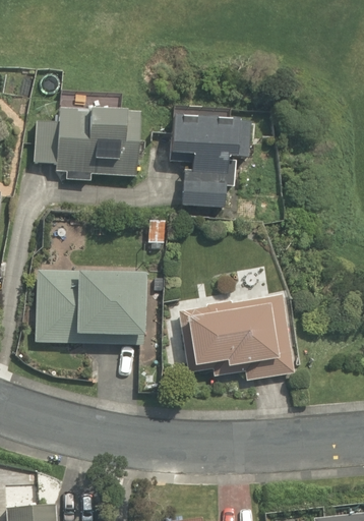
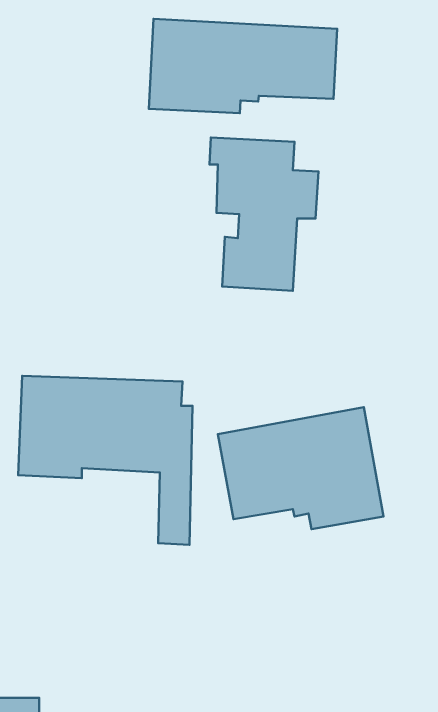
building: none -> [149,19,337,113]
building: [32,93,143,185] -> none

